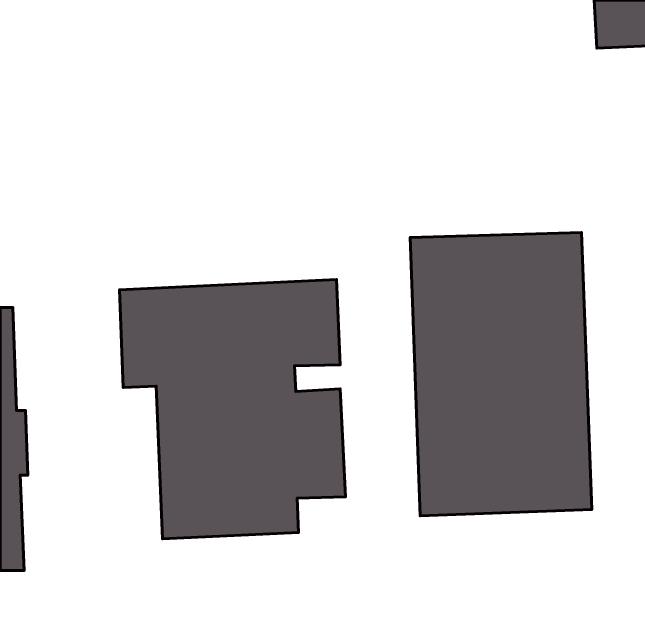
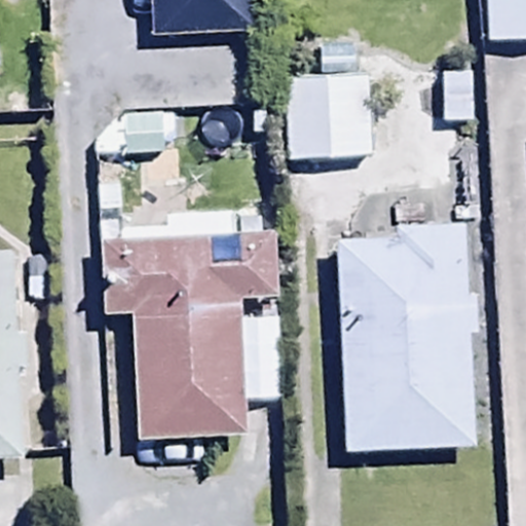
building: none -> [280,46,374,139]

